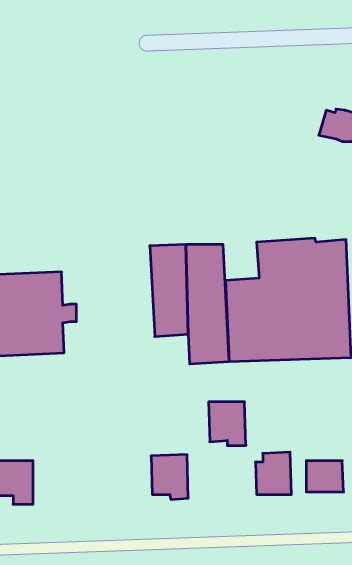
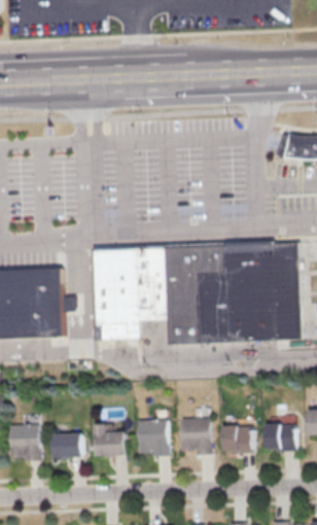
building: none -> [197,243,226,275]
building: none -> [93,246,141,339]
building: [209,402,246,445] -> [180,418,211,454]
building: none -> [94,423,125,456]
building: none -> [52,432,82,458]

